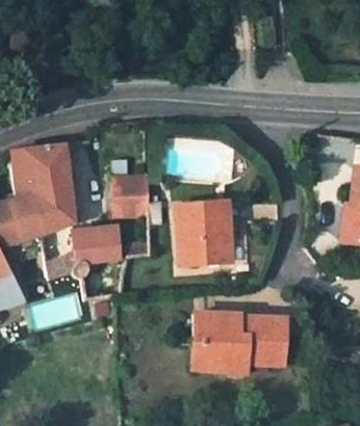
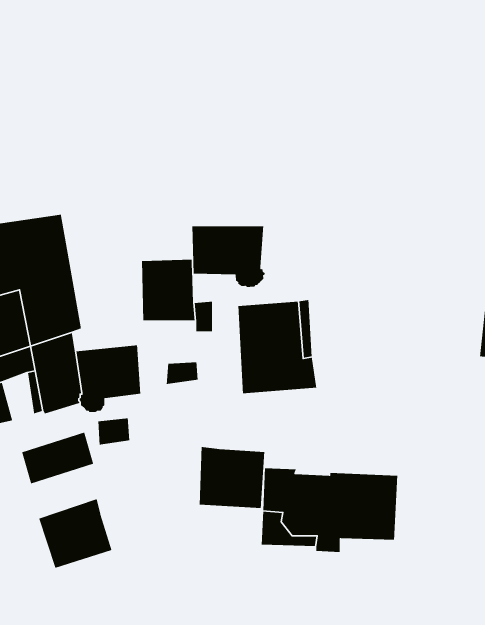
building: none -> [191,225,266,288]
building: none -> [199,446,265,509]
building: none -> [38,498,112,569]

